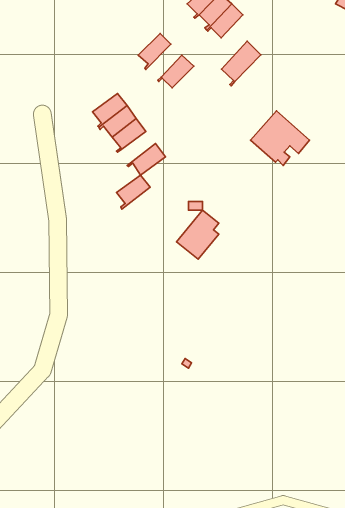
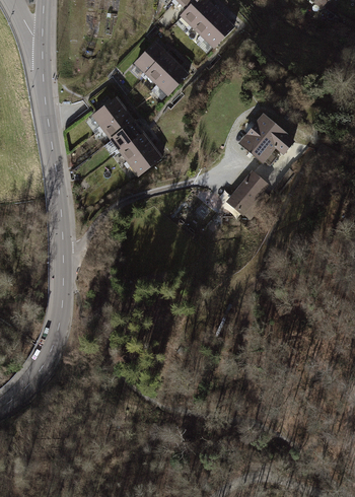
building: [221,41,261,86] -> none
building: none -> [142,52,175,82]
building: [116,175,150,209] -> [120,133,151,164]
building: [176,210,219,259] -> [227,171,267,217]

